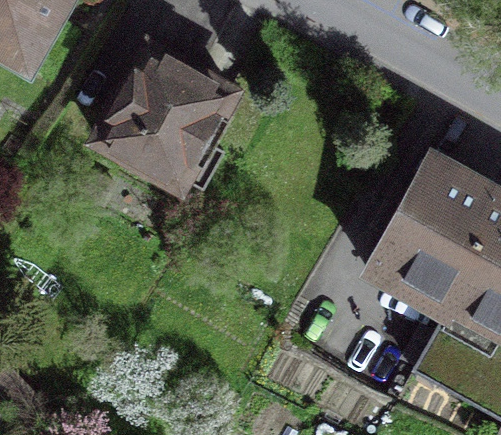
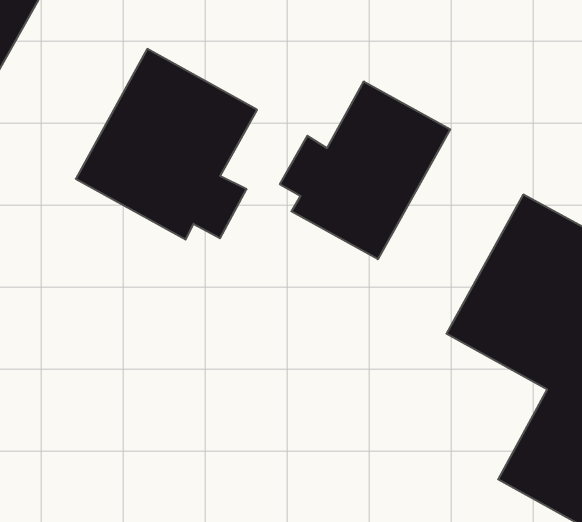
building: none -> [280,81,450,259]

